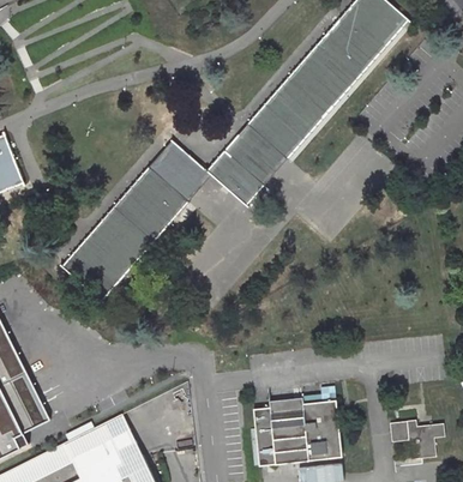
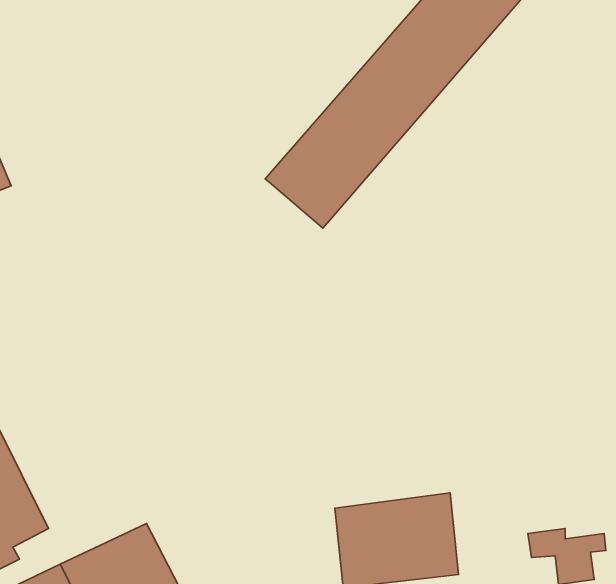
building: [60,144,211,306] -> none

